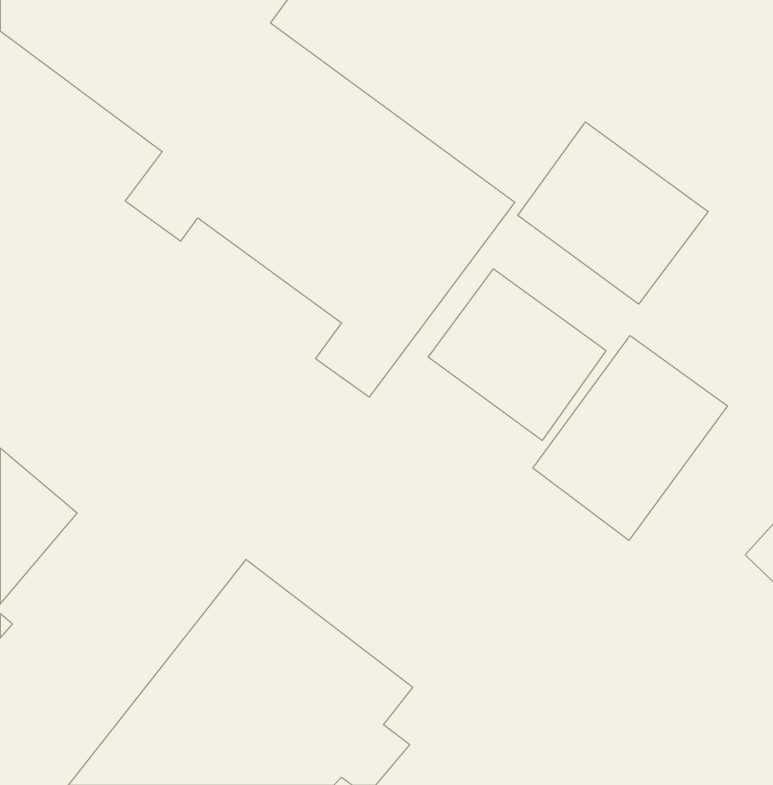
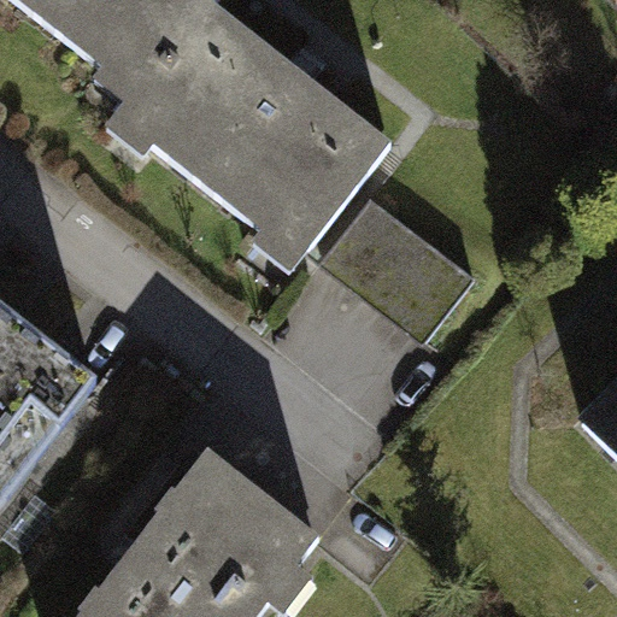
building: [518,122,708,304] -> none
building: [533,336,727,541] -> none

